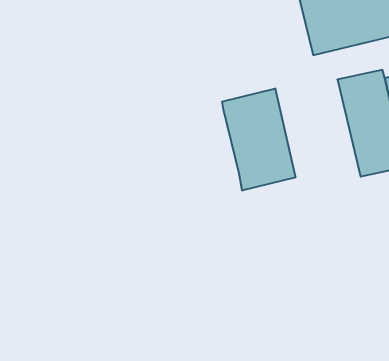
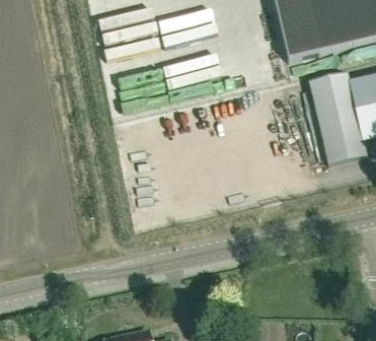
building: [222,88,295,191] -> none

